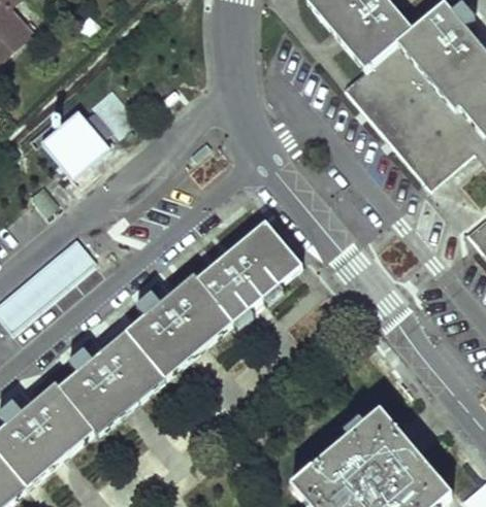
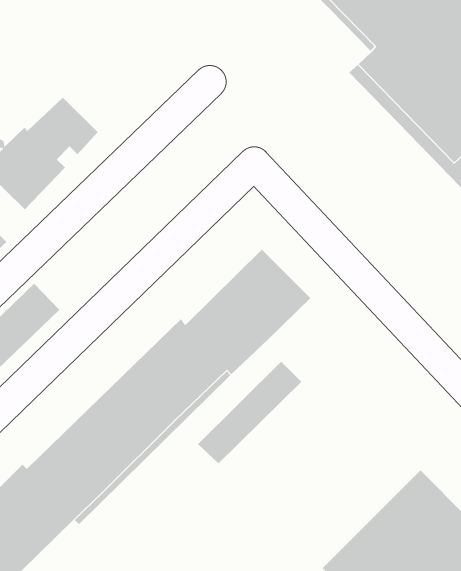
building: none -> [197,361,302,464]

